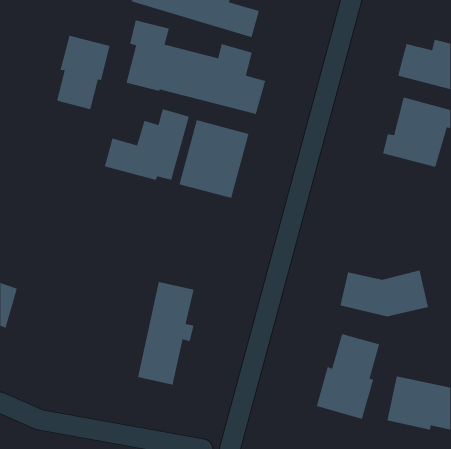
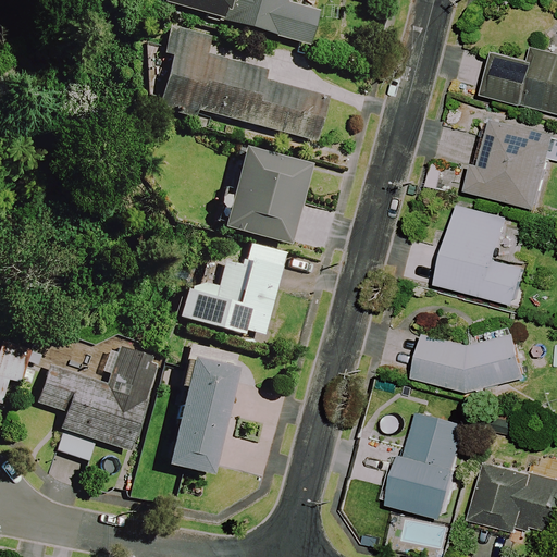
building: [56,35,111,110] -> none
building: [104,108,190,181] -> [175,245,281,334]
building: none -> [440,205,525,302]
building: none -> [36,350,153,460]

